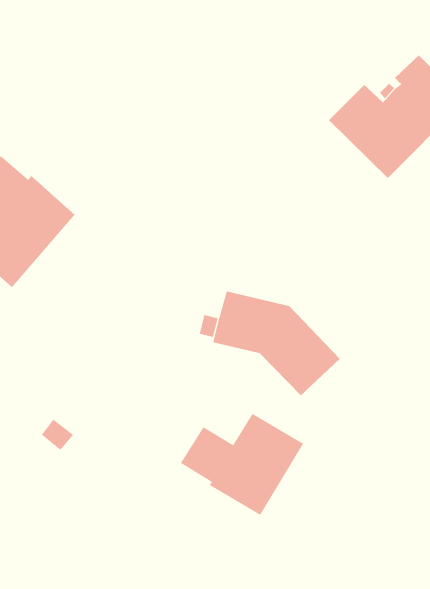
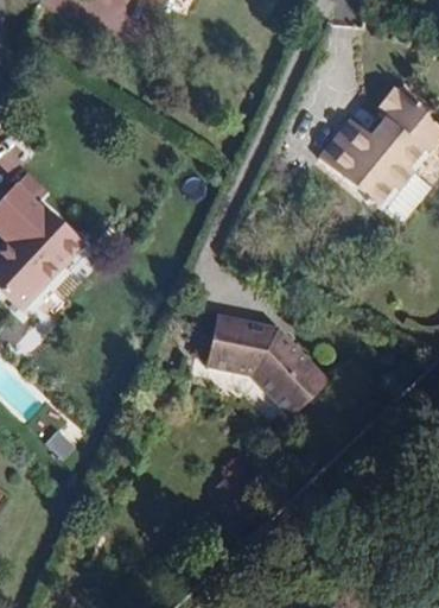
building: [180,413,304,516] -> none

